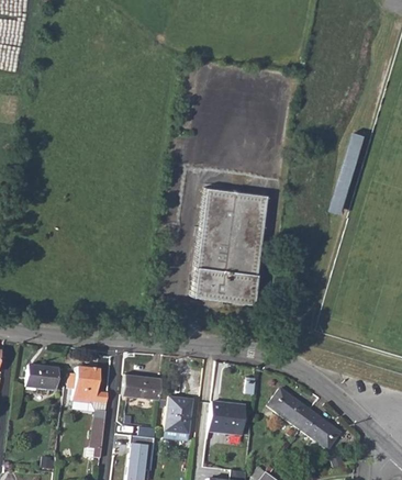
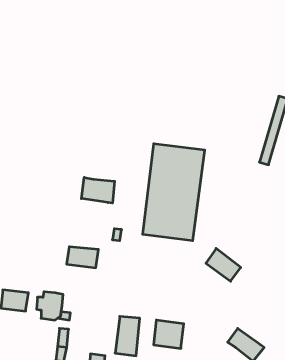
building: none -> [81,177,115,203]
building: [123,373,161,399] -> [67,247,98,268]
building: [267,388,309,427] -> [206,248,241,281]

